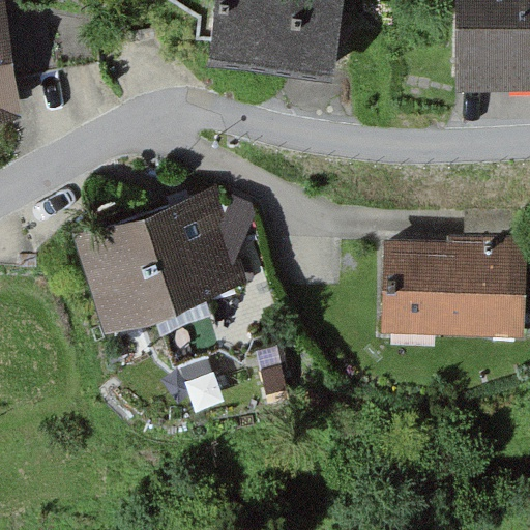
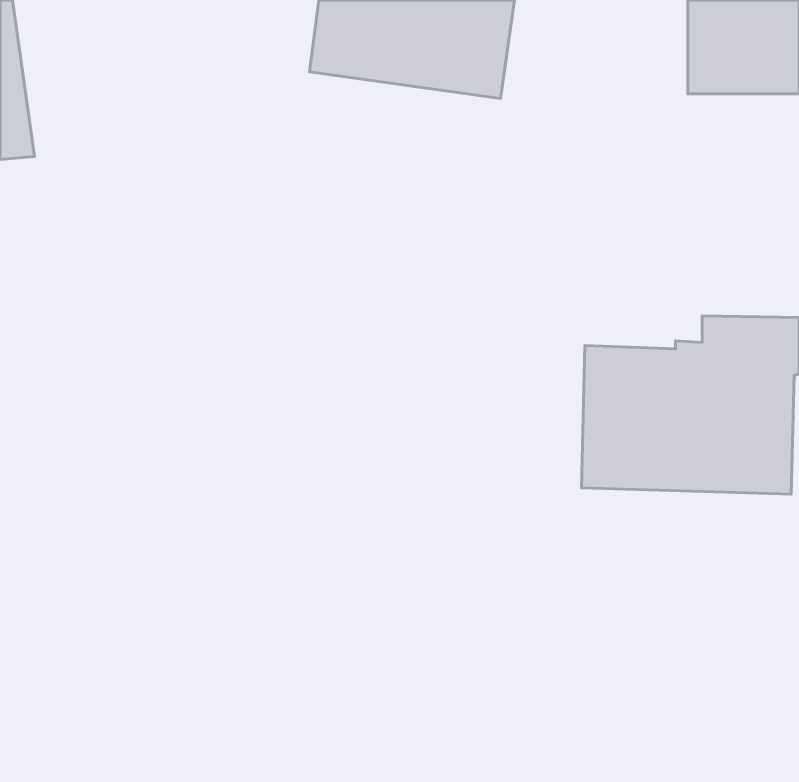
building: [75,190,247,331] -> none

